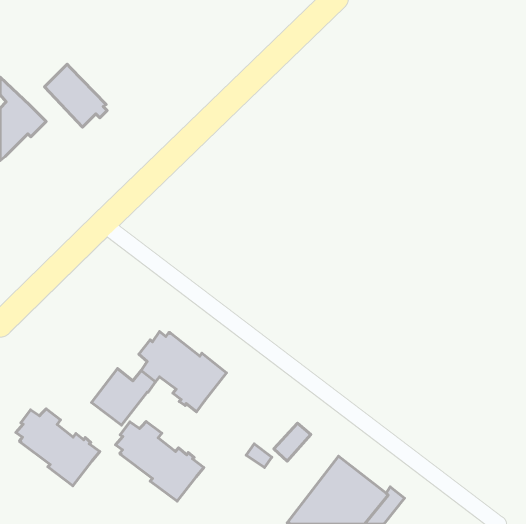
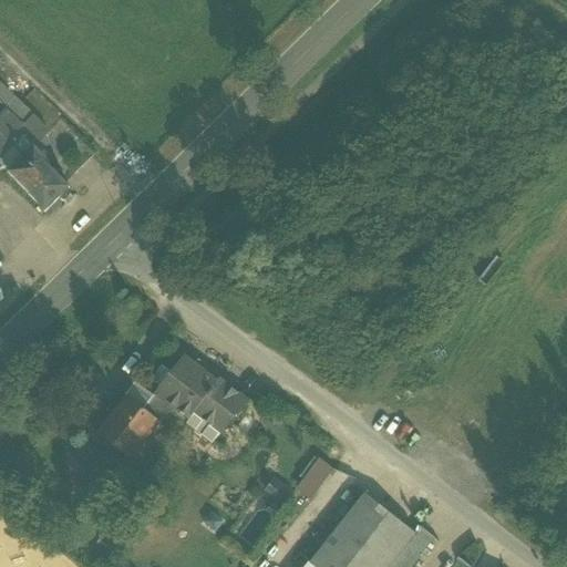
building: [44,64,107,127] -> [6,144,73,212]
building: [16,409,100,486] -> none
building: [116,421,204,501] -> none

